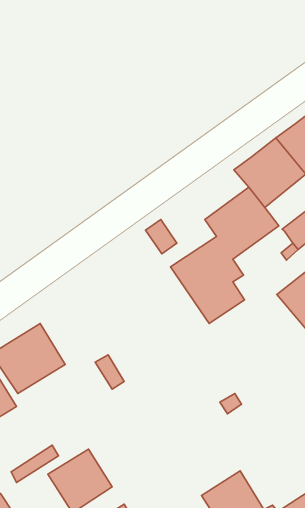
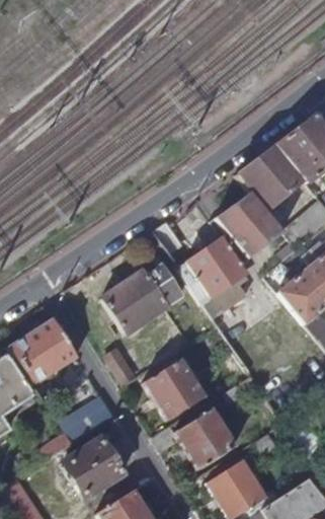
building: none -> [104,264,183,333]
building: none -> [145,357,205,419]
building: none -> [75,395,116,434]
building: none -> [154,409,237,468]

